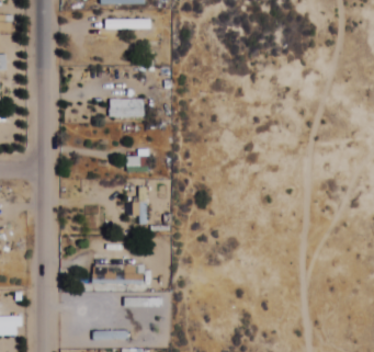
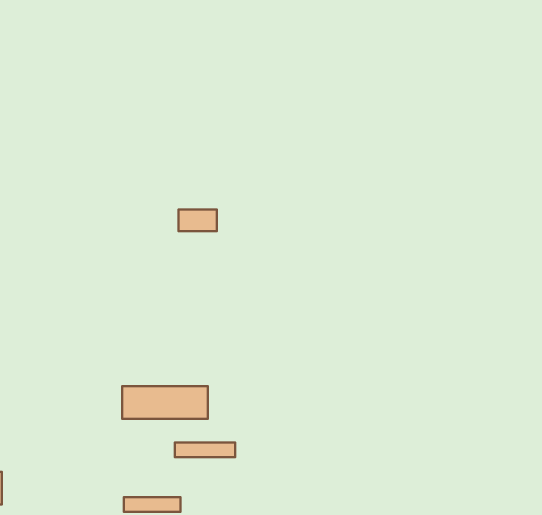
building: [109,99,144,117] -> none

